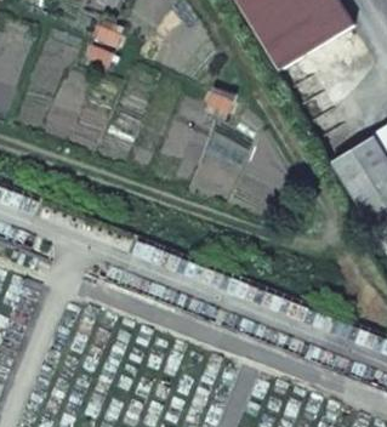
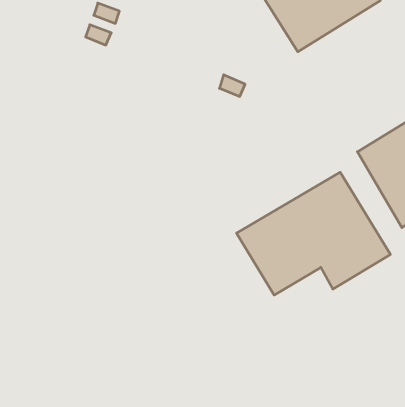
building: none -> [237,172,390,295]

